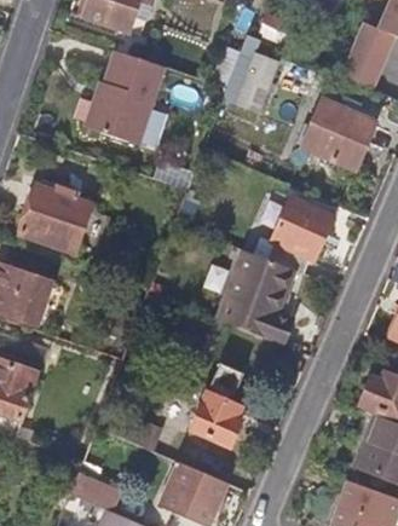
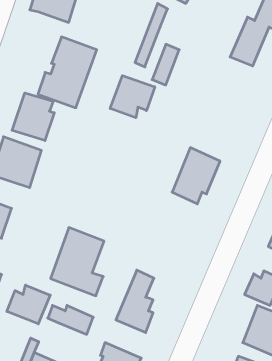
building: [300,103,371,170] -> none
building: none -> [110,76,155,118]
building: none -> [12,93,54,141]
building: [218,255,289,346] -> [51,228,104,296]
building: none -> [7,285,50,324]

